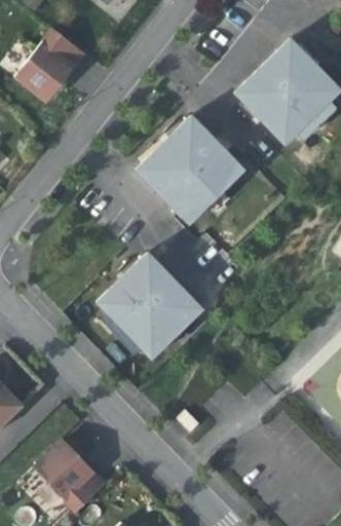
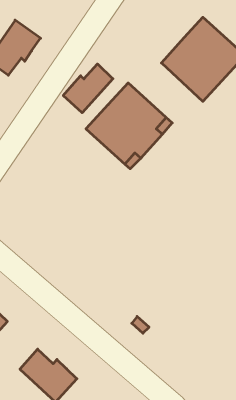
building: none -> [63,64,113,113]
building: [97,252,202,358] -> none

